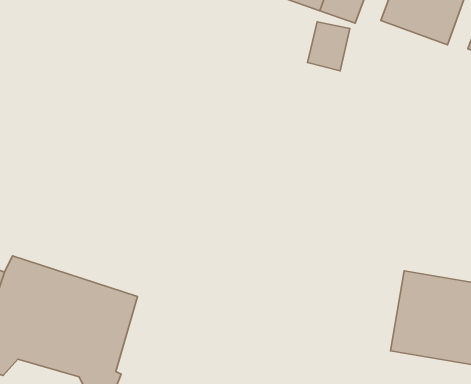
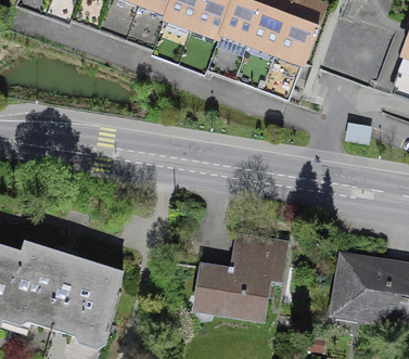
building: none -> [192,232,289,322]

